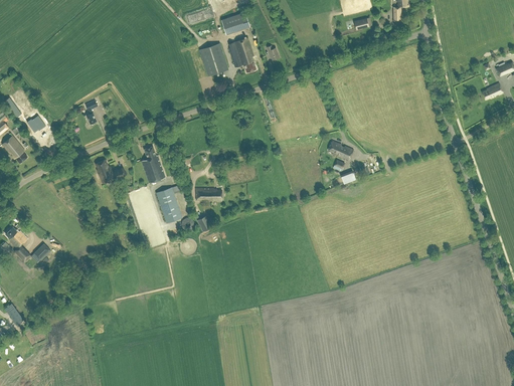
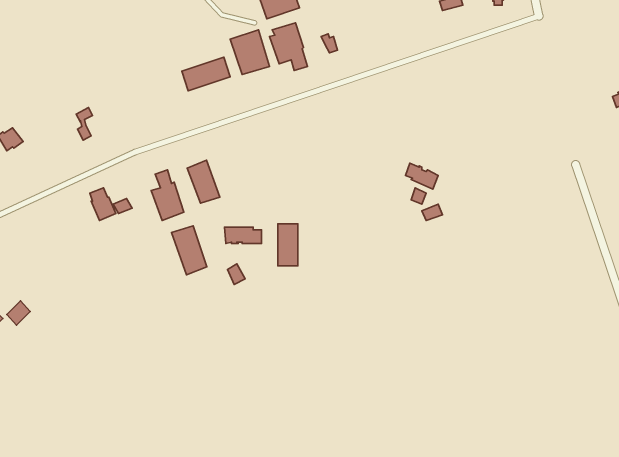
building: none -> [182,57,230,91]
building: none -> [187,160,220,203]
building: none -> [278,224,298,266]

